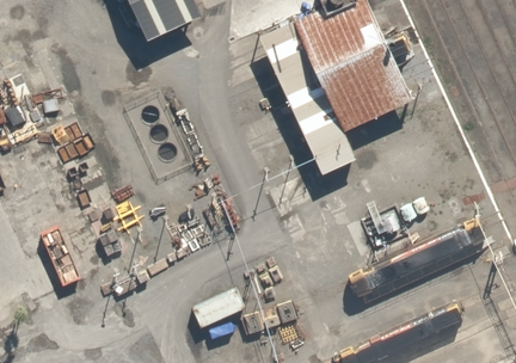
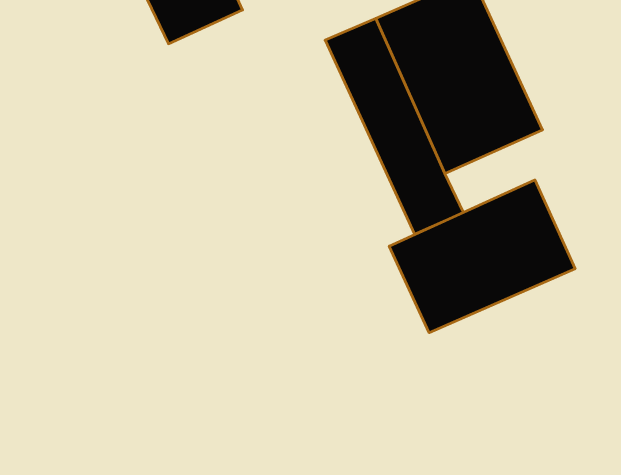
building: none -> [389,180,575,333]

